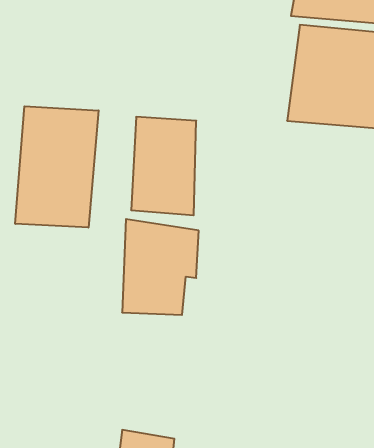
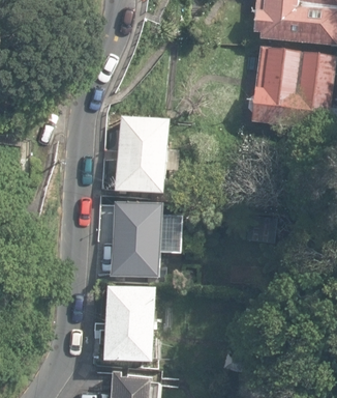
building: [15,106,99,228] -> none
building: none -> [102,283,154,359]

